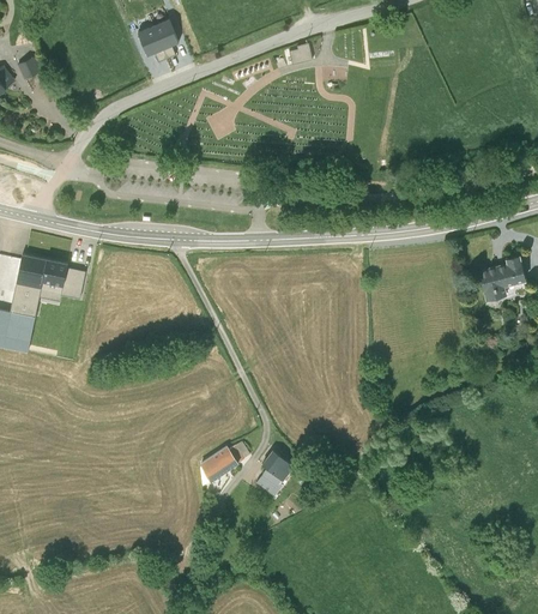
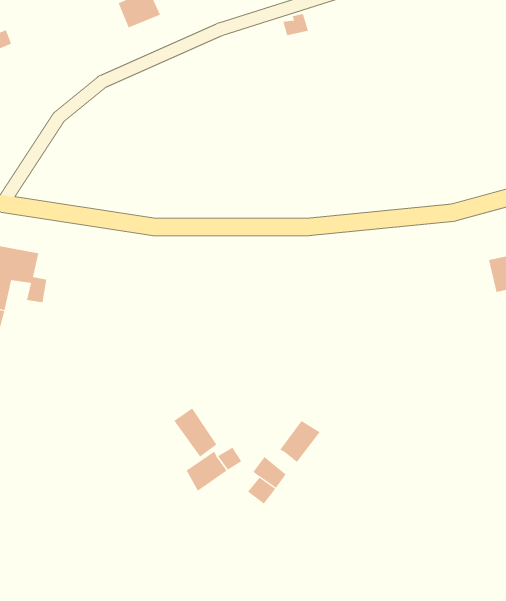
building: none -> [173,408,217,457]
building: none -> [279,420,321,463]

